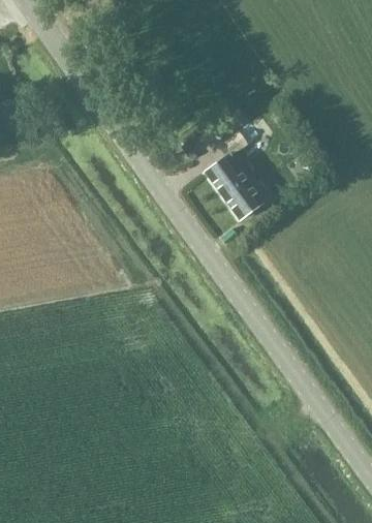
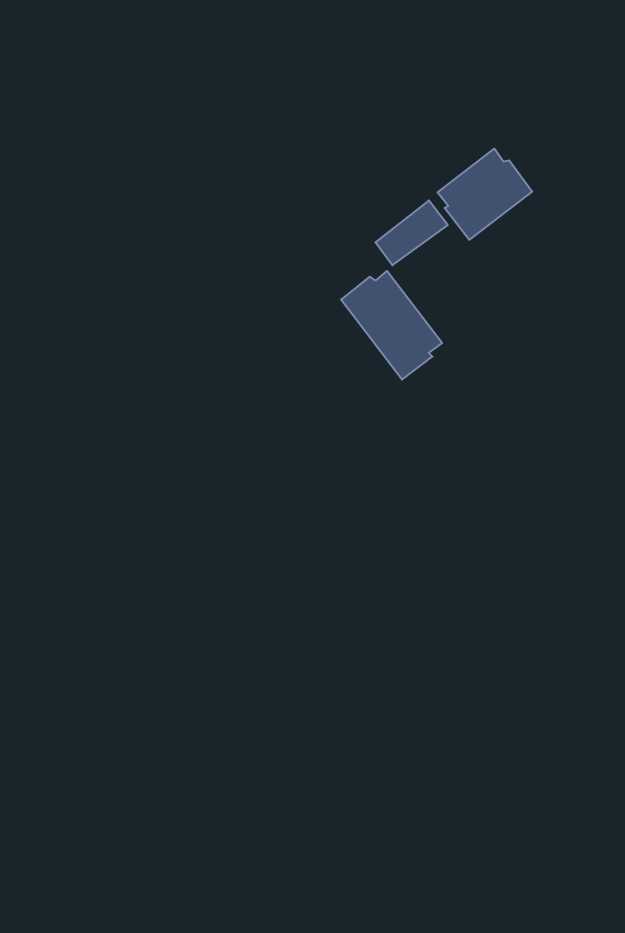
building: none -> [437,149,532,240]

